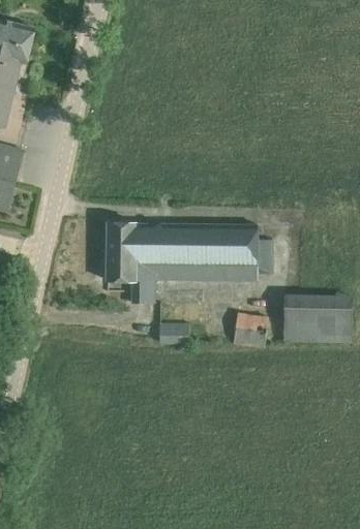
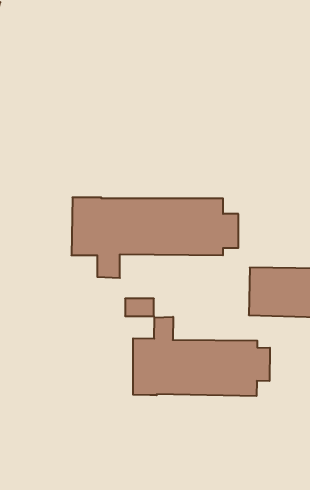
building: [233,313,267,347] -> none
building: none -> [133,317,270,396]

